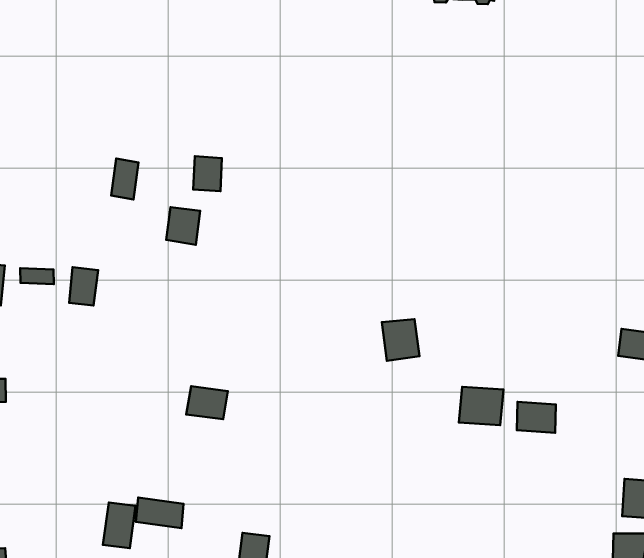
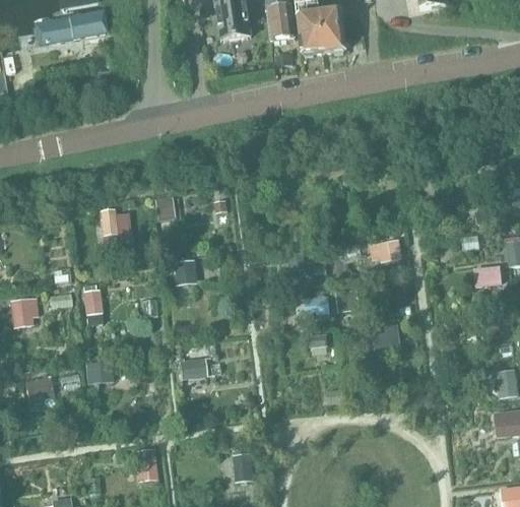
building: [166,207,200,245] -> [176,259,198,283]
building: none -> [370,240,403,261]
building: none -> [87,361,113,383]
building: [517,402,556,433] -> none
building: [136,498,183,528] -> none

